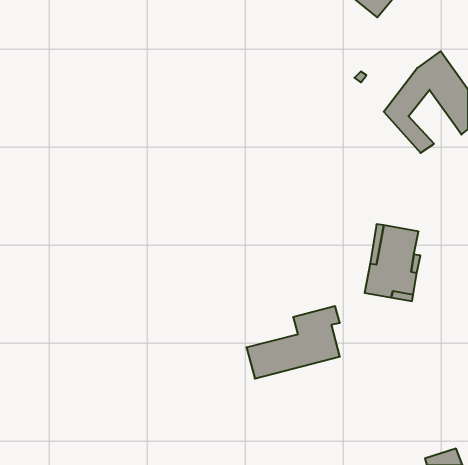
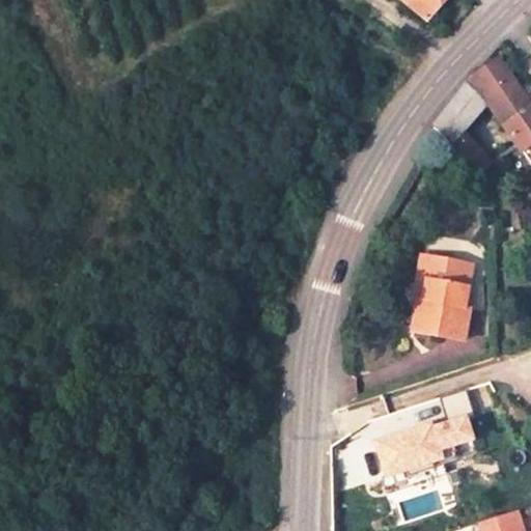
building: [246,306,340,379] -> [362,393,468,475]

